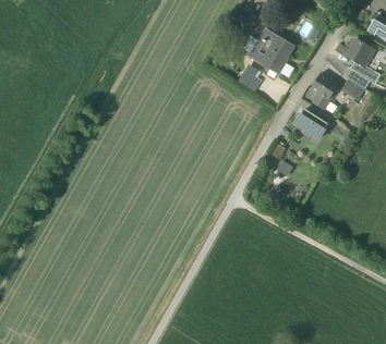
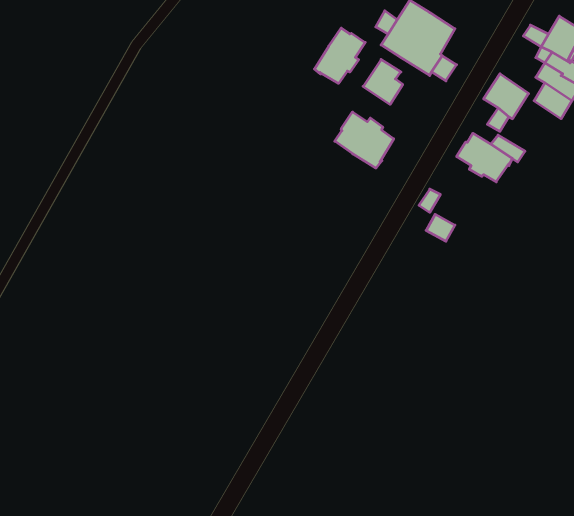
building: none -> [314,28,365,83]
building: none -> [335,112,394,168]

